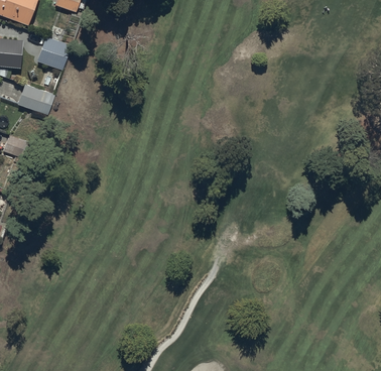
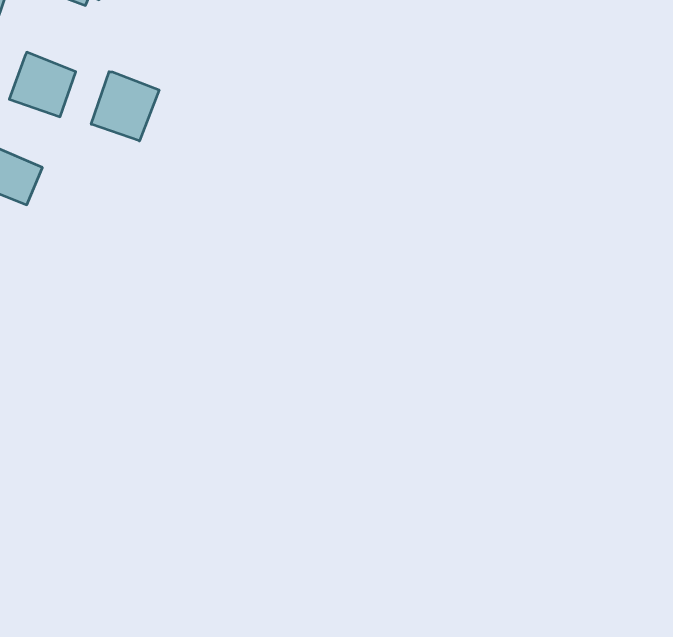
building: none -> [91,72,159,141]

